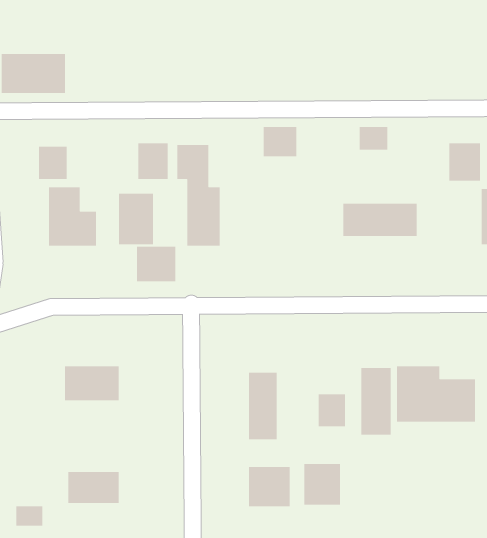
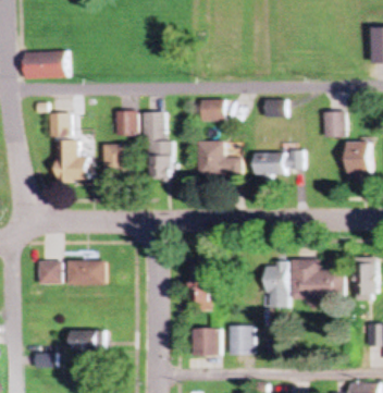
building: none -> [197,143,239,176]
building: [136,246,176,282] -> none
building: none -> [38,260,61,284]
building: [318,394,346,427] -> none

